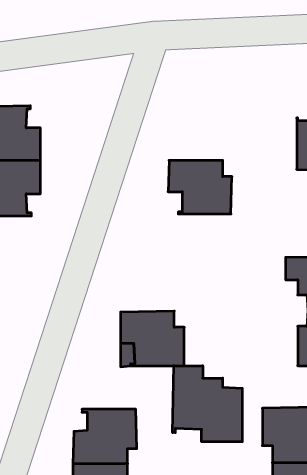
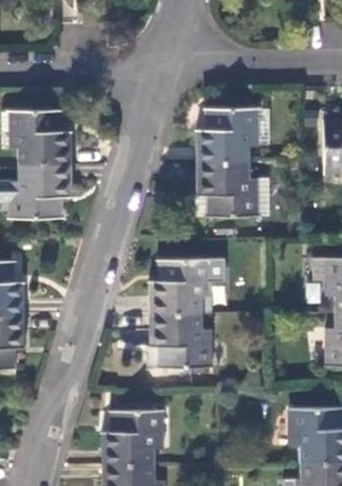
building: none -> [198,106,274,163]
building: none -> [149,258,213,313]
building: [173,366,242,442] -> none

